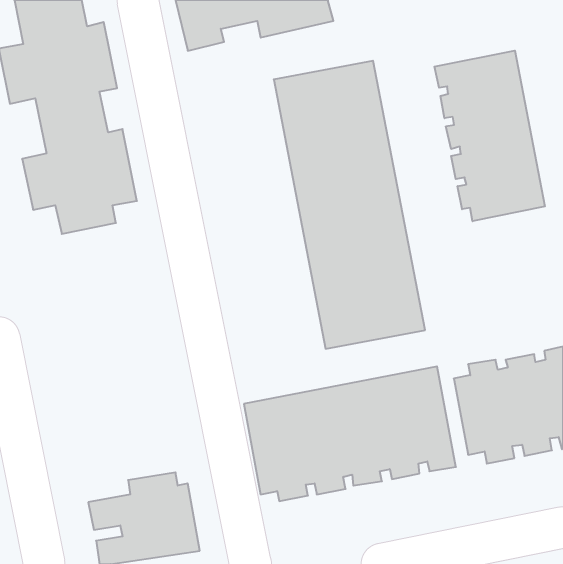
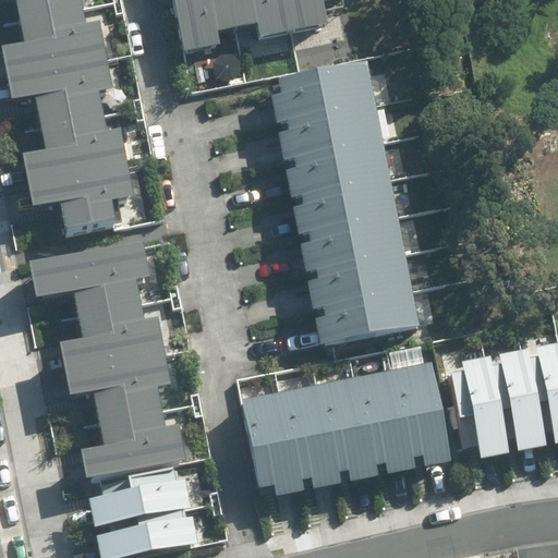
building: [434,51,545,221] -> none
building: none -> [29,238,186,478]

